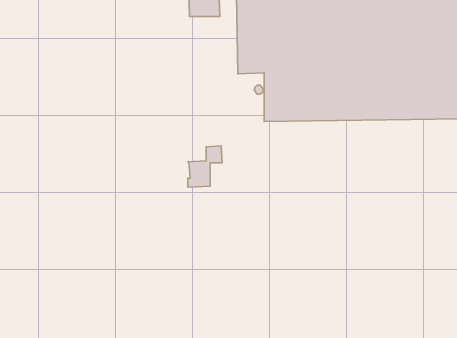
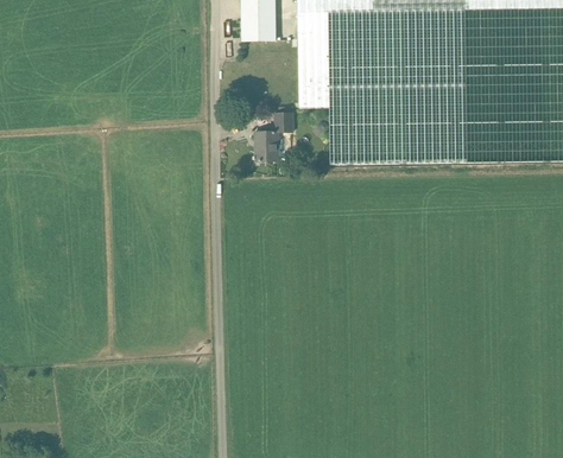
building: [188,146,222,187] -> [254,112,295,160]

